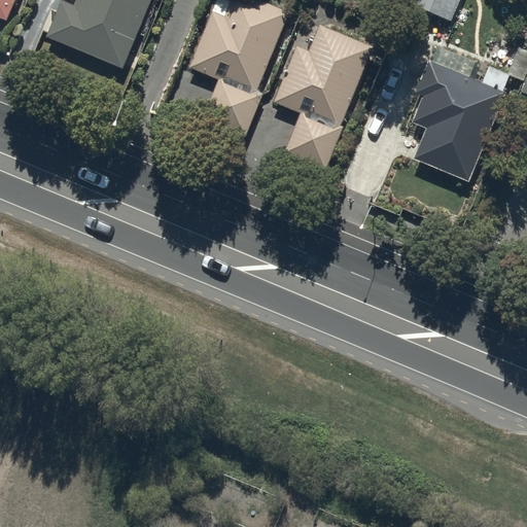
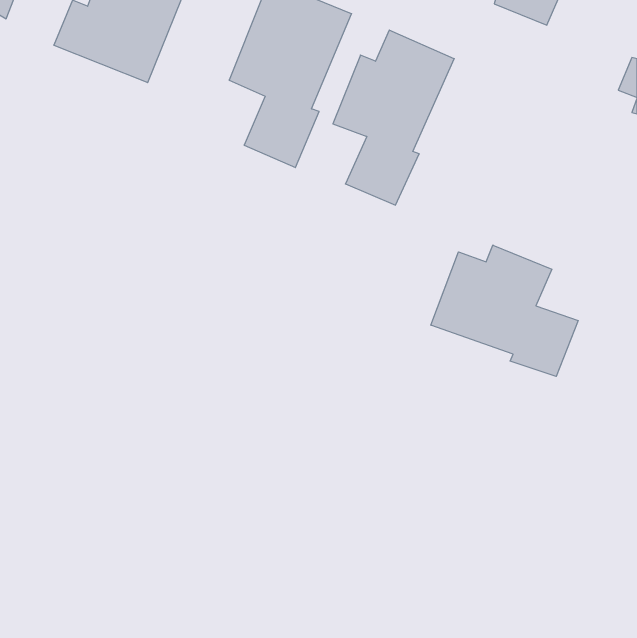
building: [410,44,507,181] -> none
building: none -> [431,245,578,376]

